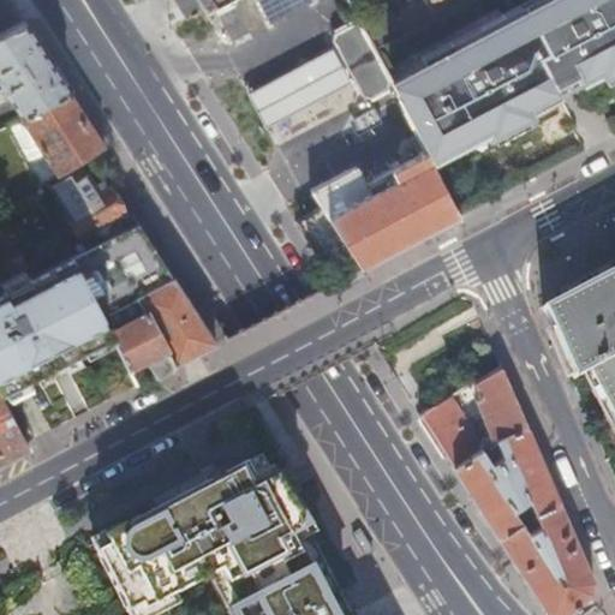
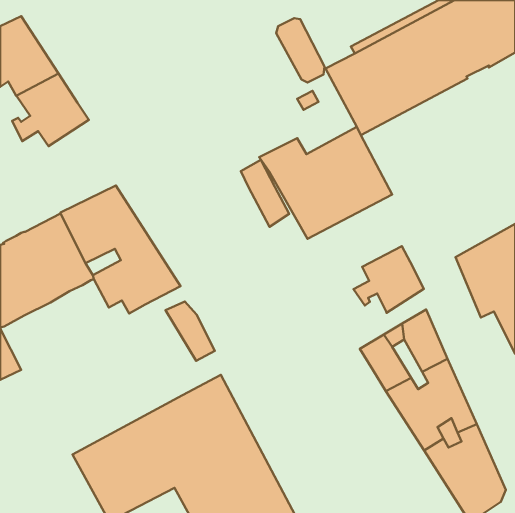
building: [245,50,347,129] -> none
building: [49,172,121,235] -> none
building: none -> [241,160,289,227]
building: none -> [354,246,424,313]
building: none -> [166,302,215,361]

